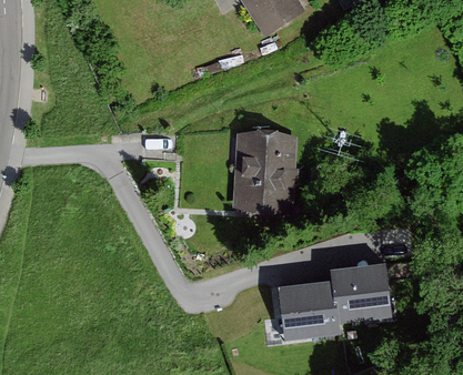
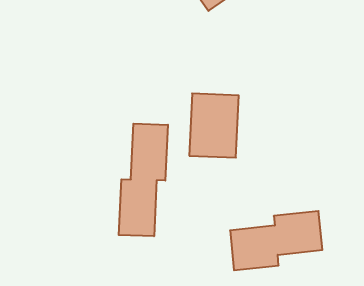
building: none -> [119,124,168,236]

